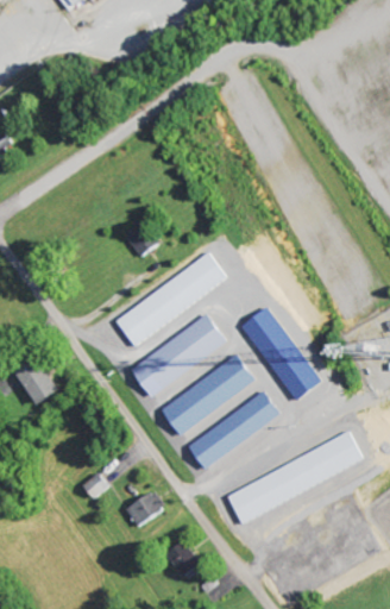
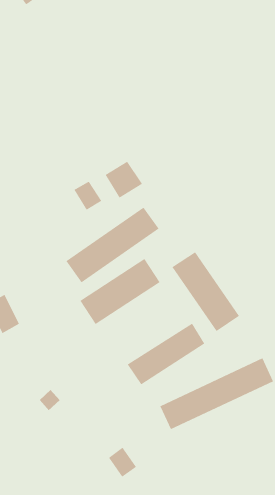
building: none -> [105,161,143,199]
building: [161,354,256,435] -> none
building: [122,492,162,527] -> none

